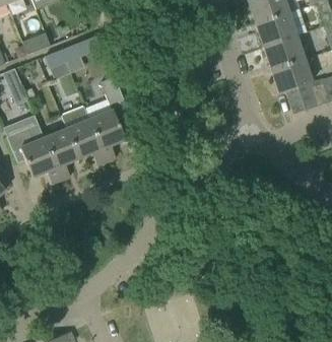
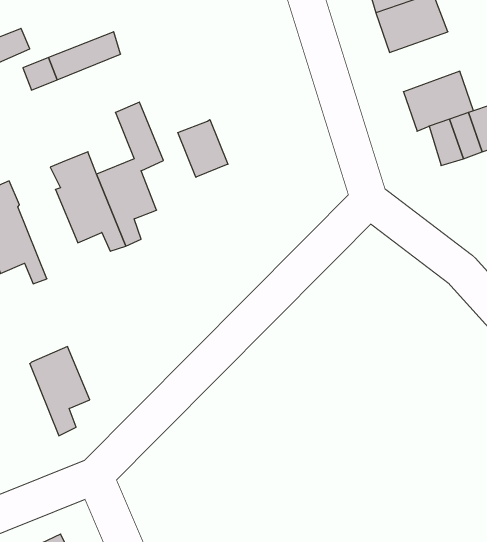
building: [262,35,304,70] -> none
building: none -> [178,120,228,177]
building: [42,128,77,181] -> [30,347,90,436]

